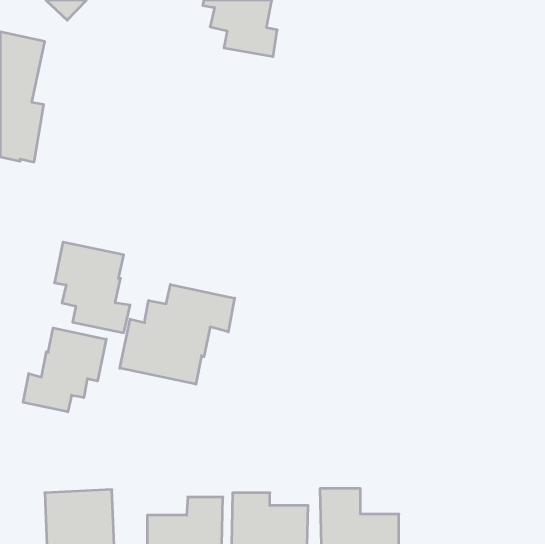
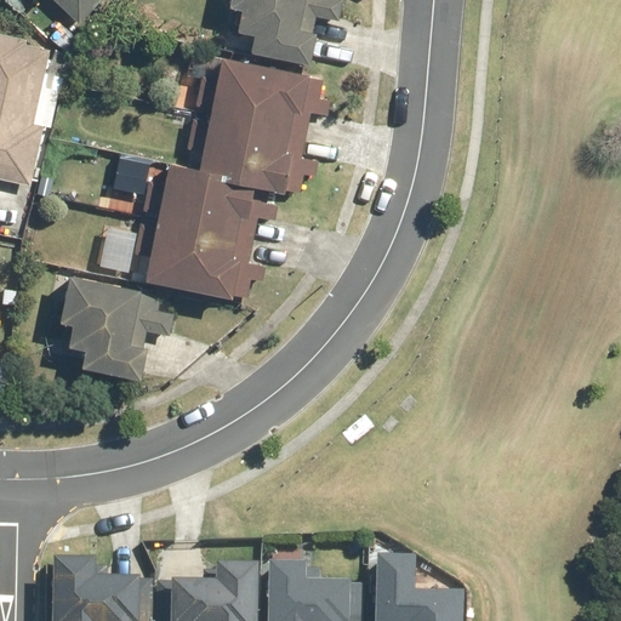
building: none -> [150,57,312,295]
building: [120,284,235,384] -> none
building: [23,328,106,412] -> none

